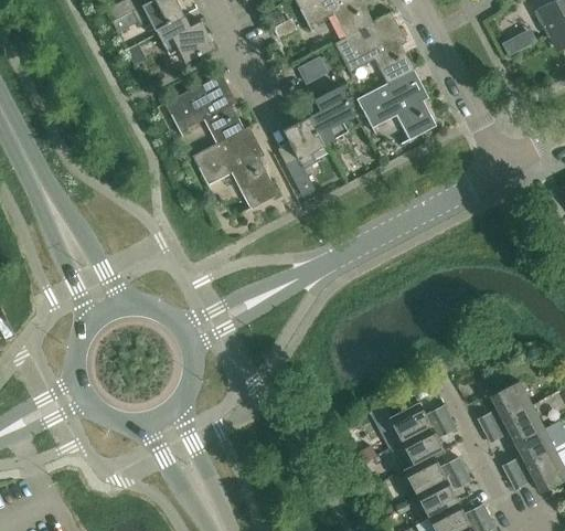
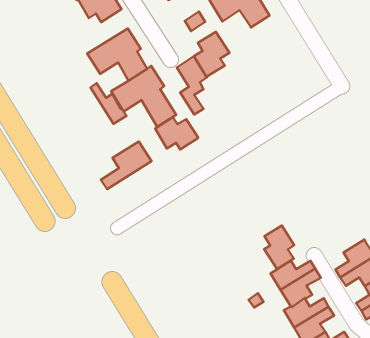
building: [356,71,437,140] -> none
building: none -> [91,83,126,124]
building: none -> [155,117,198,149]
building: none -> [101,141,151,189]
building: none -> [264,226,294,269]

